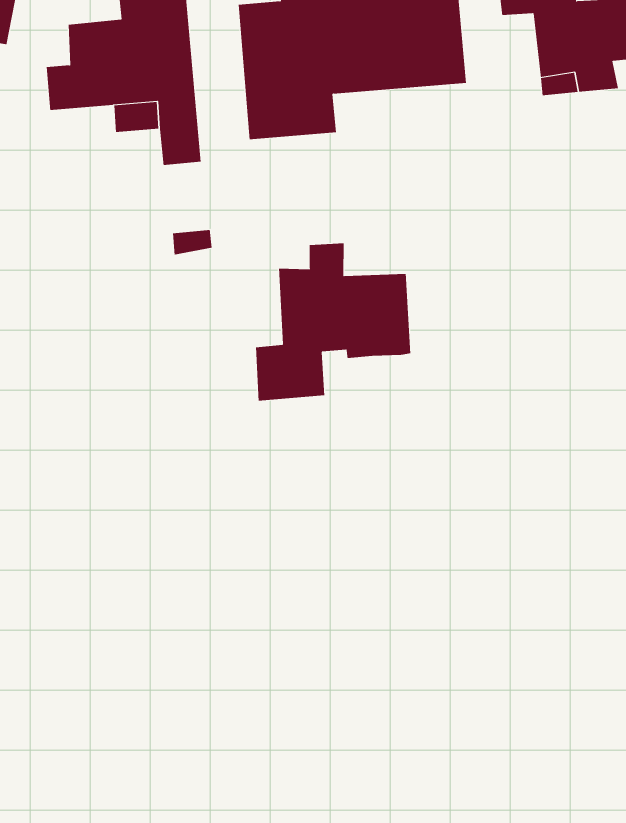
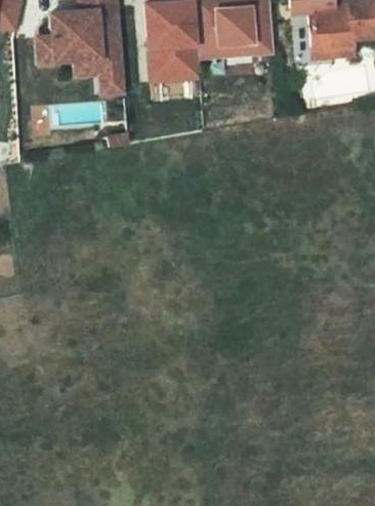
building: [256,242,411,401] -> none

